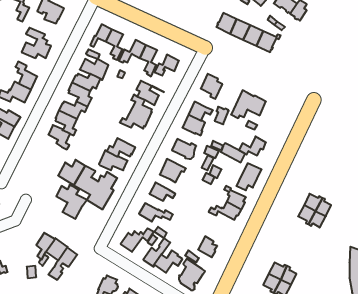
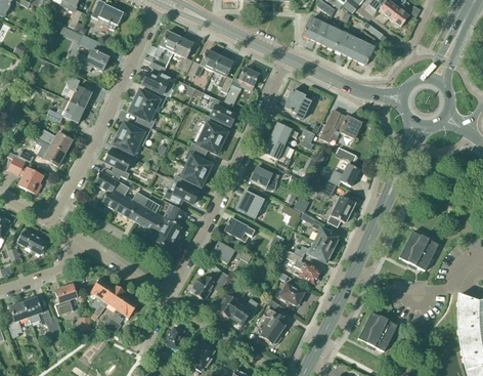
building: none -> [184,148,212,177]
building: [56,185,87,219] -> [94,170,130,210]
building: none -> [281,249,320,284]
building: none -> [55,285,78,316]

